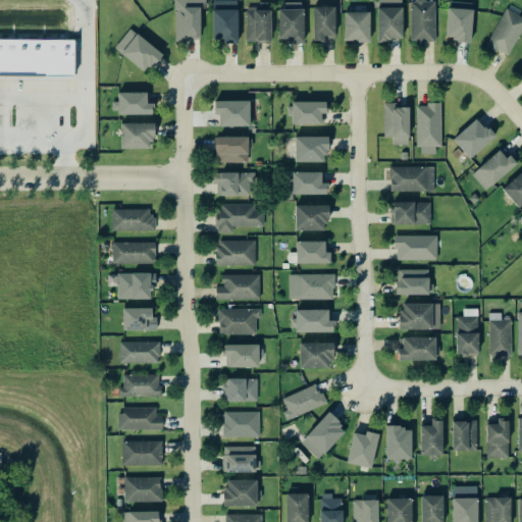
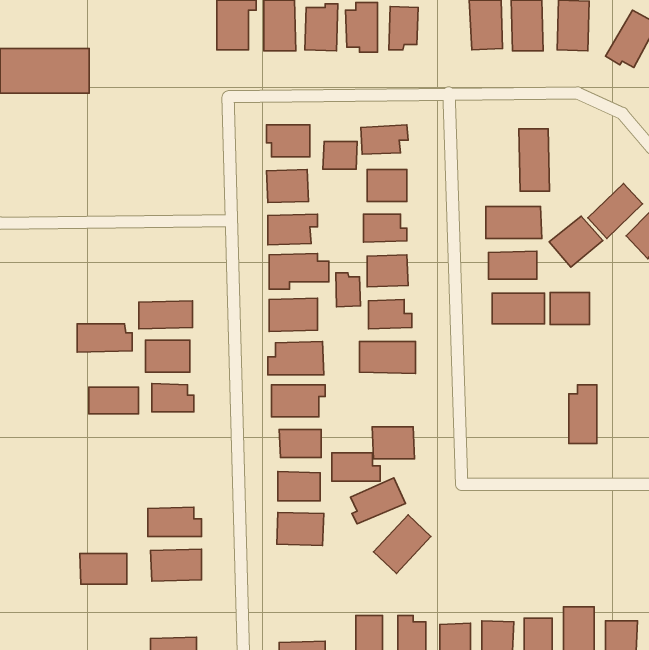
building: [345,12,371,42] -> none
building: [115,29,162,74] -> none
building: [118,93,153,115] -> none
building: [384,103,410,145] -> none
building: none -> [323,142,357,169]
building: [453,118,495,159] -> [549,216,603,267]
building: [121,123,154,149] -> none
building: [112,209,156,231] -> [77,324,132,352]
building: none -> [336,273,360,307]
building: [398,269,429,295] -> [550,293,590,324]
building: [401,303,433,329] -> none
building: [296,310,334,332] -> [332,453,380,481]
building: [489,313,512,357] -> none
building: [398,337,436,361] -> none
building: [120,342,160,363] -> [89,387,139,414]
building: [122,374,160,397] -> none
building: [487,419,510,458] -> none
building: [421,420,443,455] -> none
building: [453,421,478,452] -> none
building: [386,427,412,462] -> none
building: [347,431,379,468] -> none
building: [223,446,256,472] -> none
building: [124,477,162,502] -> [80,554,127,584]
building: [224,480,257,507] -> none

